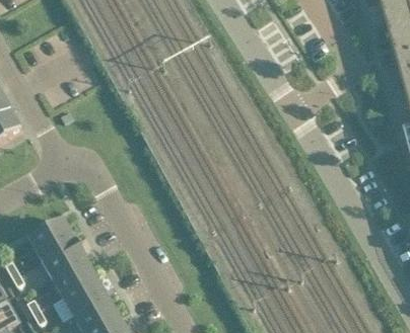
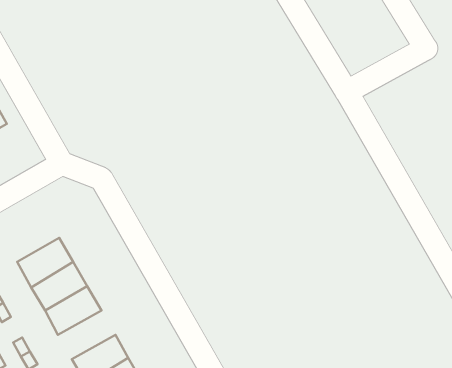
building: [62,276,108,315] -> none

